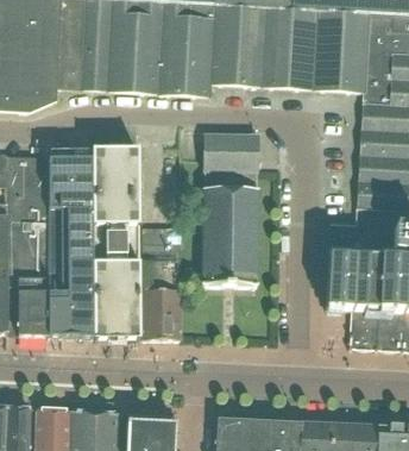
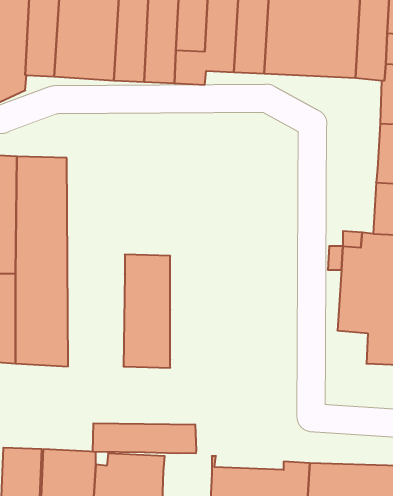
building: [202,133,258,287] -> none
building: [92,149,139,339] -> none
building: none -> [93,423,196,453]

